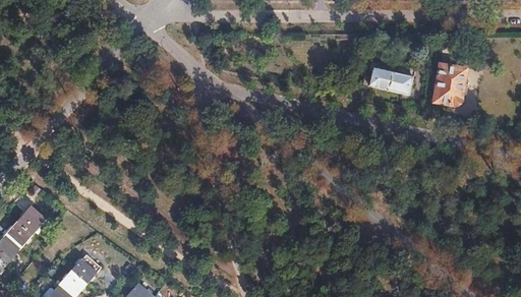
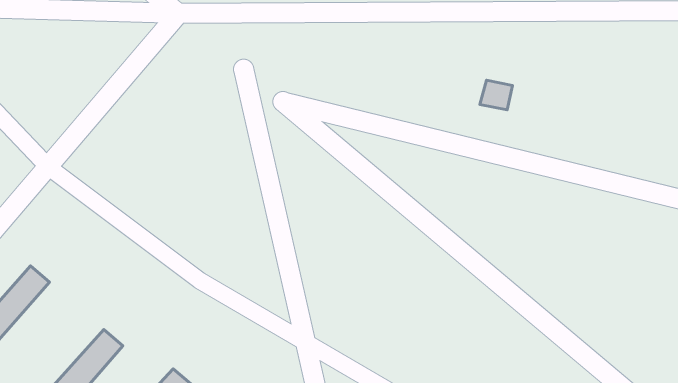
building: [435,64,464,106] -> none
building: [388,70,412,94] -> none

